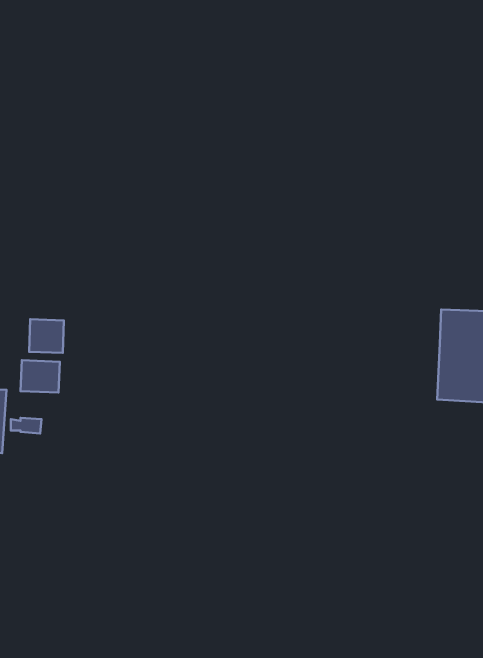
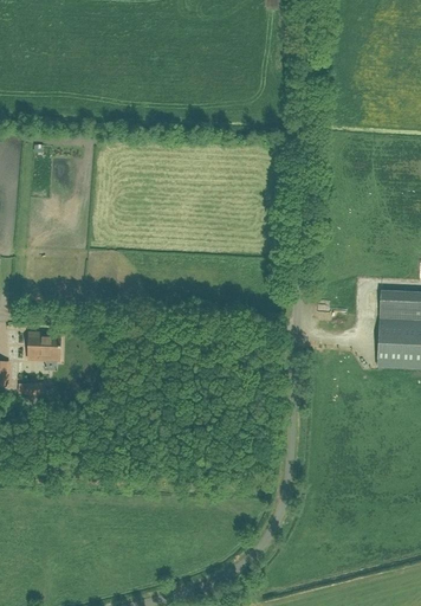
building: [29,319,64,353] -> none

